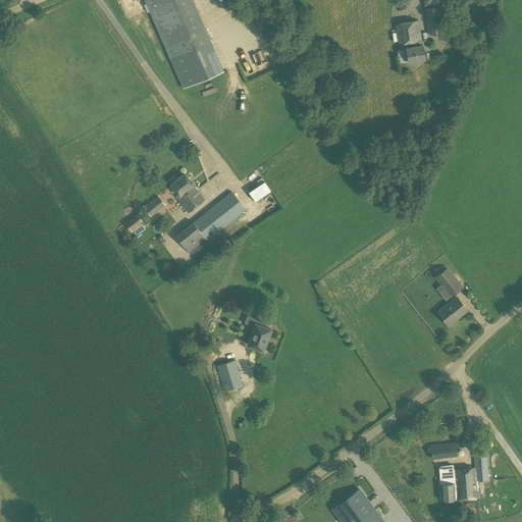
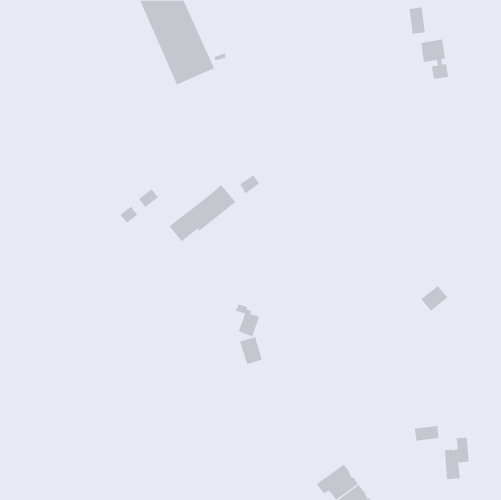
building: [395,21,424,63] -> [420,39,449,79]
building: [169,174,205,213] -> none
building: [435,268,463,298] -> none
building: [217,361,242,390] -> [239,336,263,365]
building: [439,466,464,501] -> none

